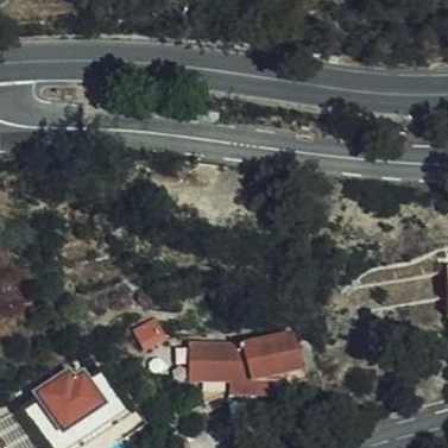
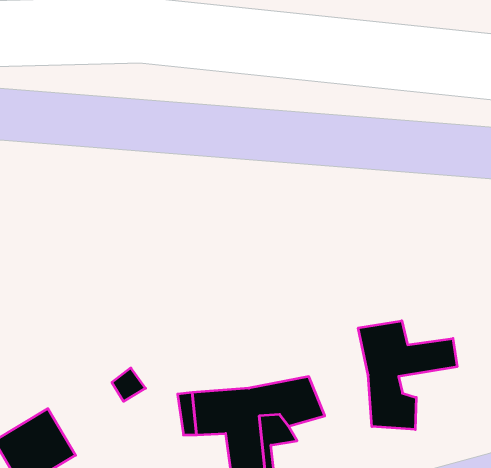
building: none -> [358,321,457,430]

